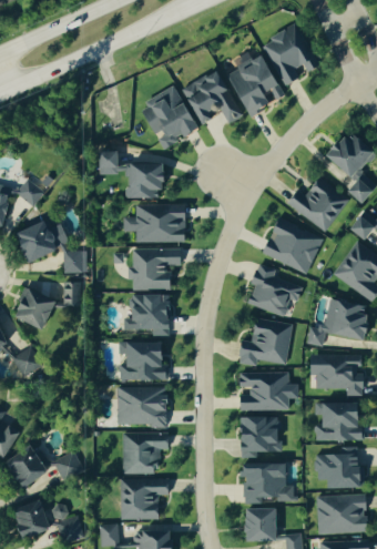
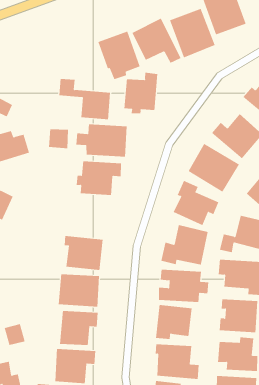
building: none -> [124,72,158,114]
building: [64,250,89,273] -> [48,129,69,149]
building: [123,294,170,335] -> none

